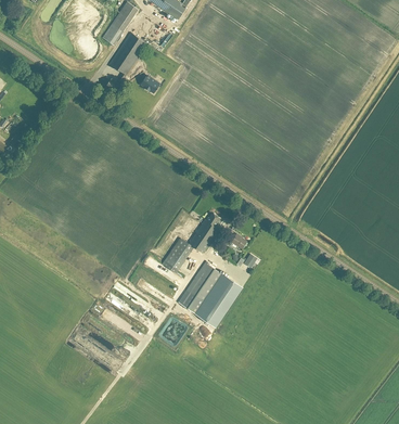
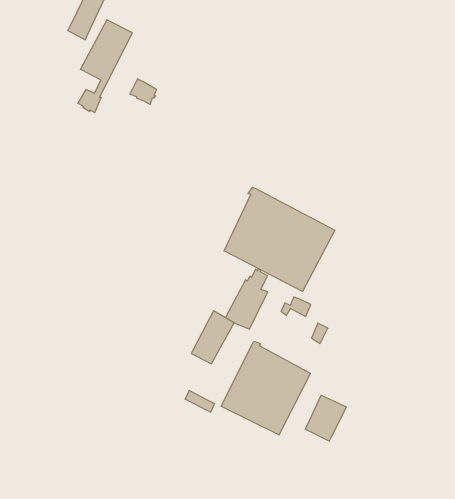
building: none -> [224,187,335,291]
building: none -> [305,395,346,441]

